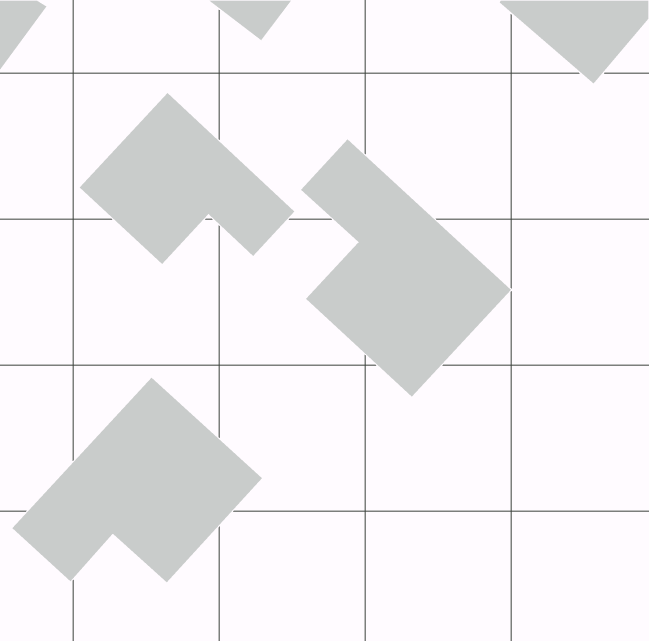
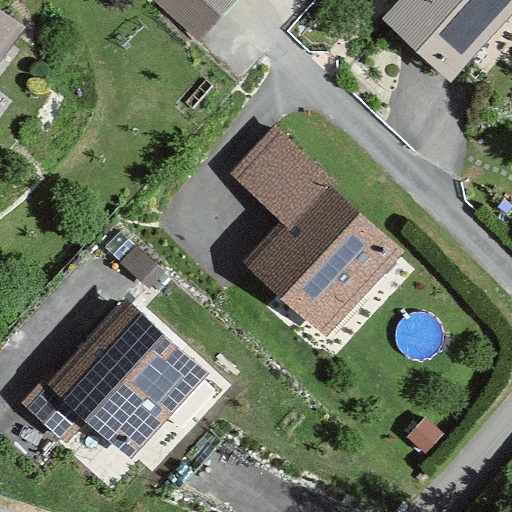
building: [79,92,295,265] -> none

